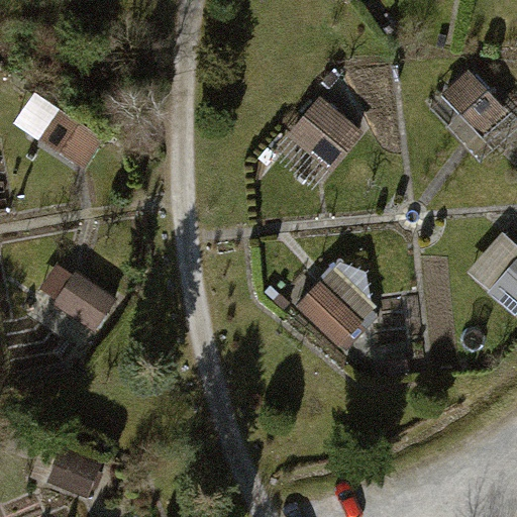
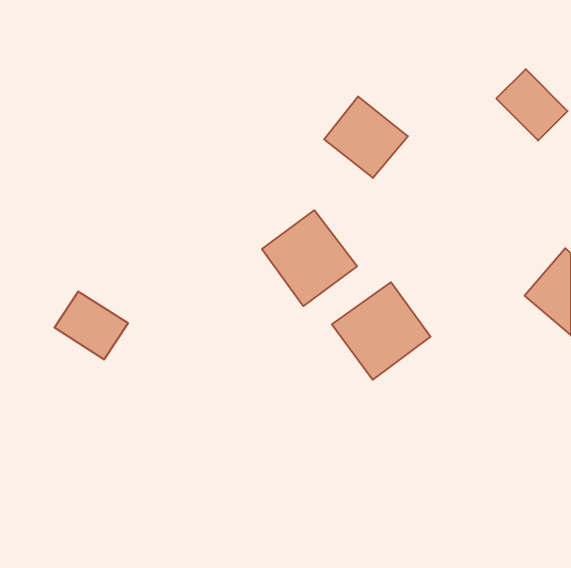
building: none -> [262,210,357,306]

